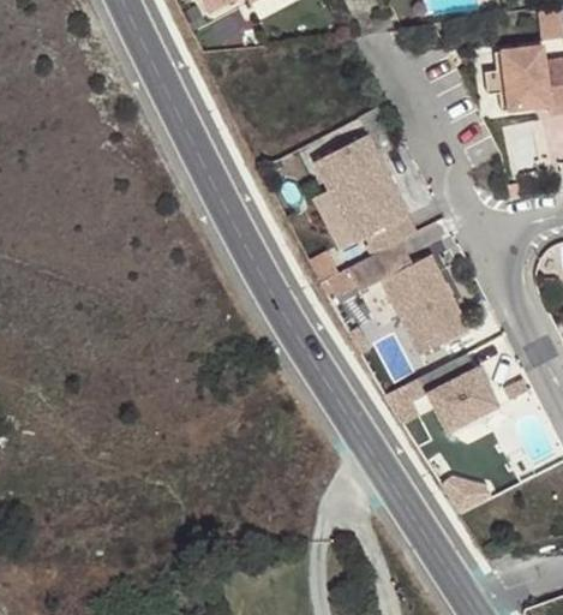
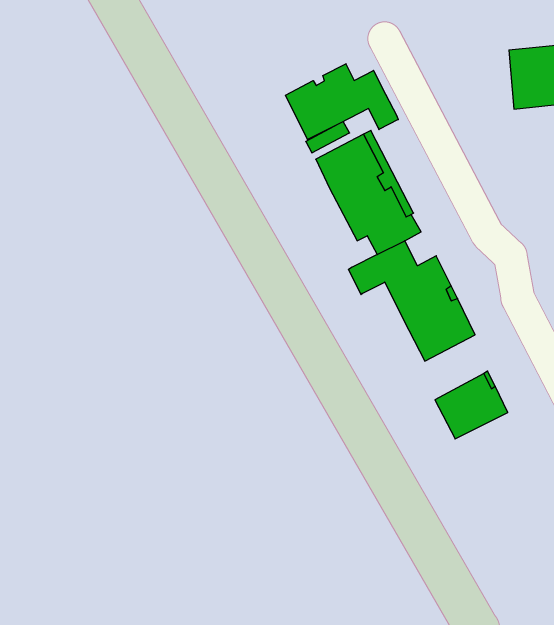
building: none -> [286,64,398,140]

